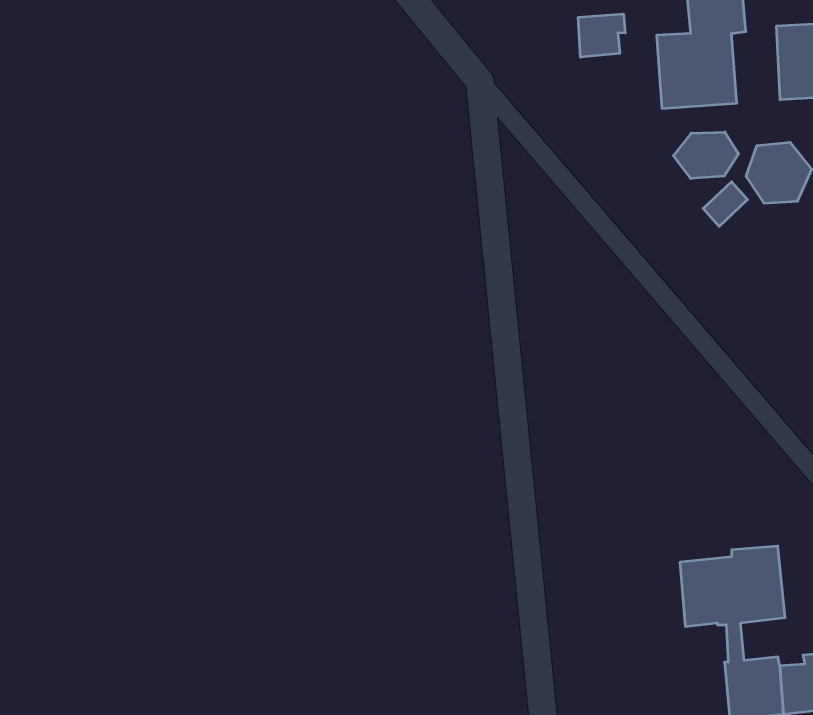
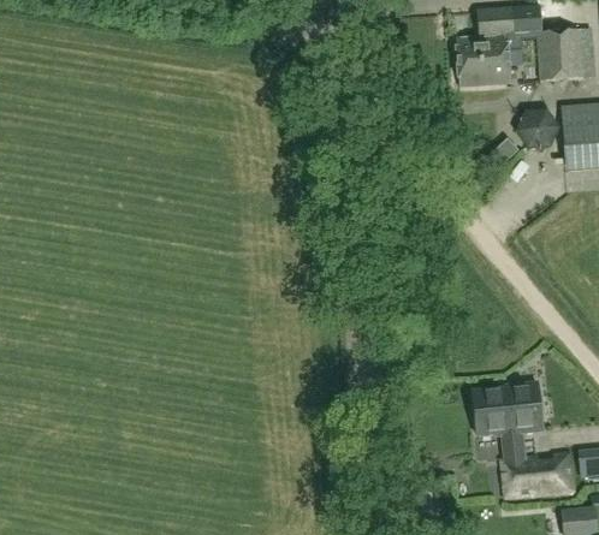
building: [578,14,625,57] -> none
building: [673,132,739,179] -> none

